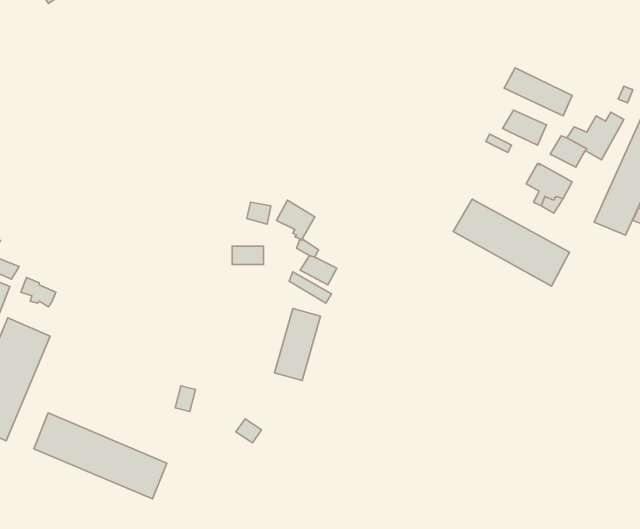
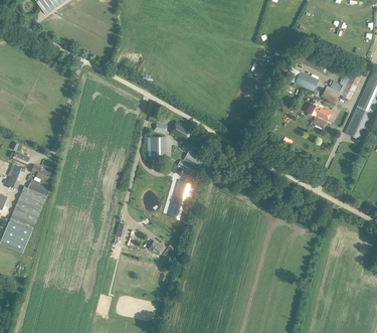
building: [453,199,570,286] -> none
building: [34,413,167,499] -> none

